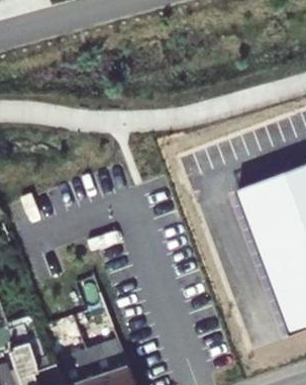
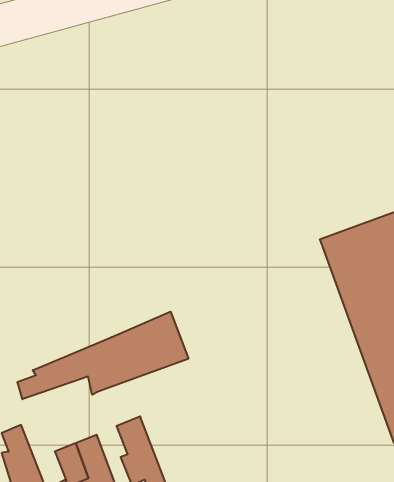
building: none -> [17,312,188,399]

